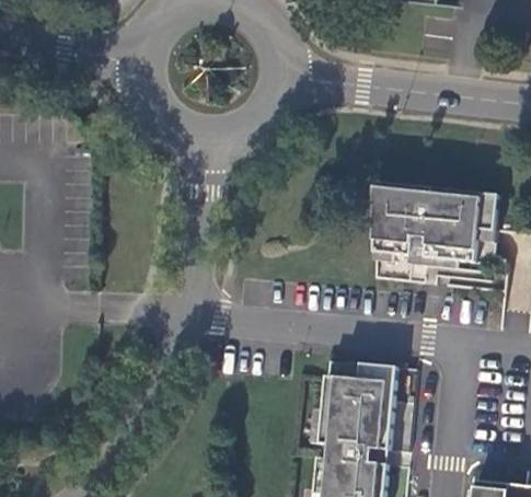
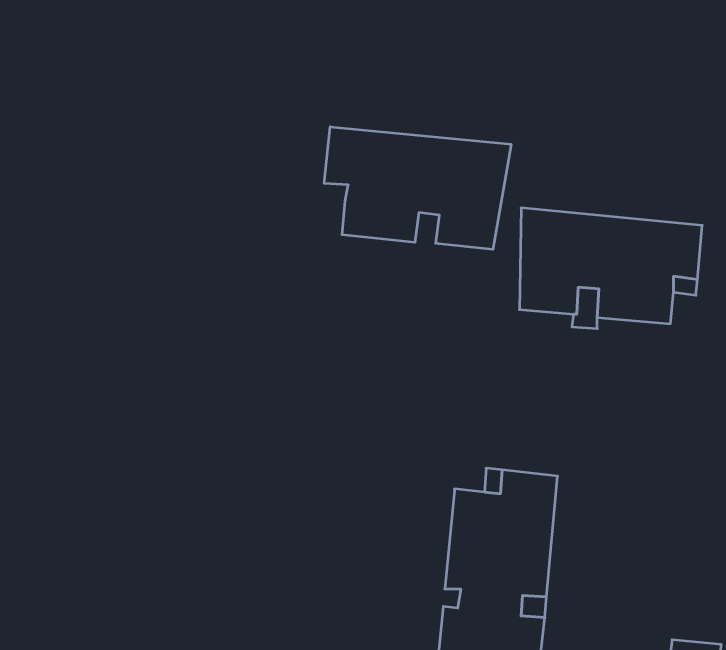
building: none -> [324,127,511,249]

